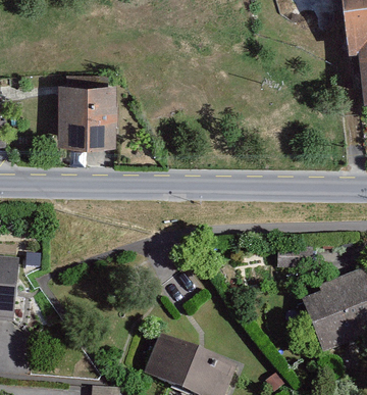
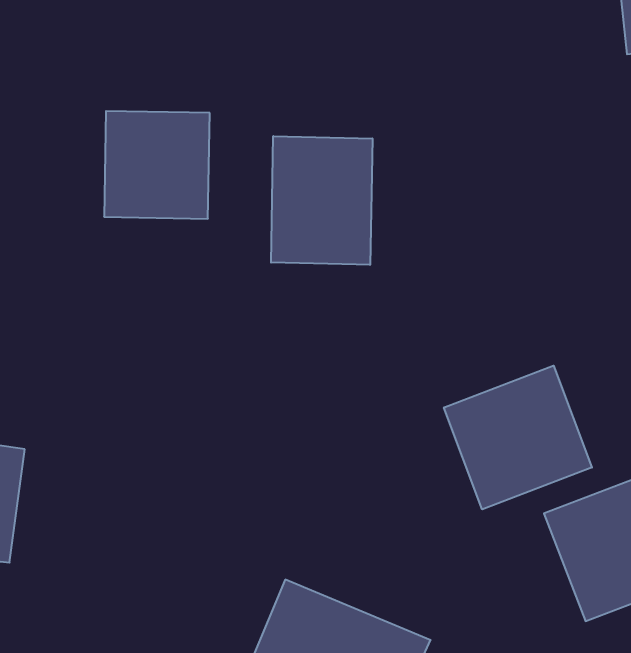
building: none -> [271,136,372,265]
building: none -> [444,366,592,509]

